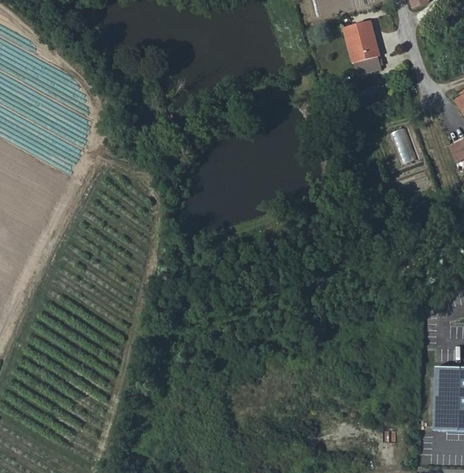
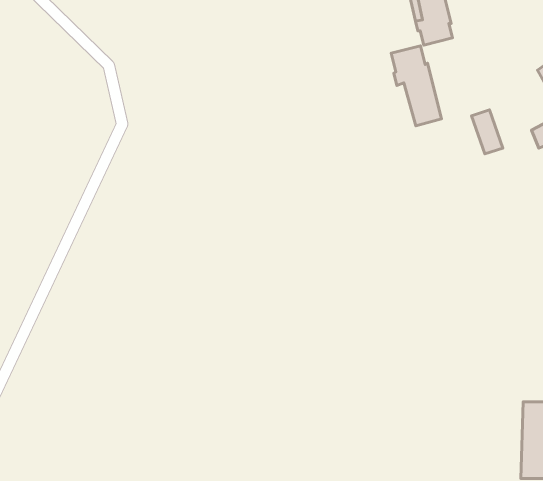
building: none -> [391,46,441,126]

